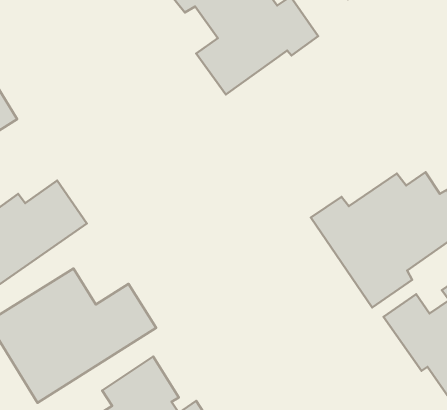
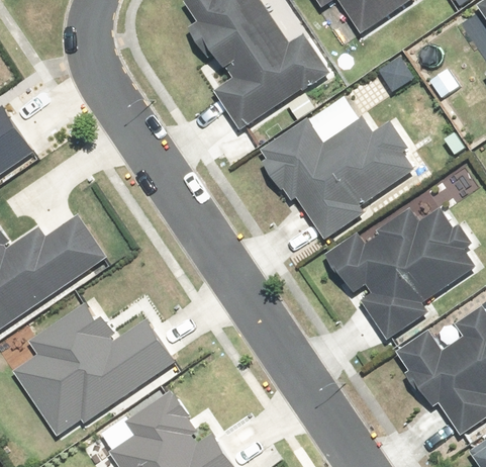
building: none -> [260,116,412,241]

